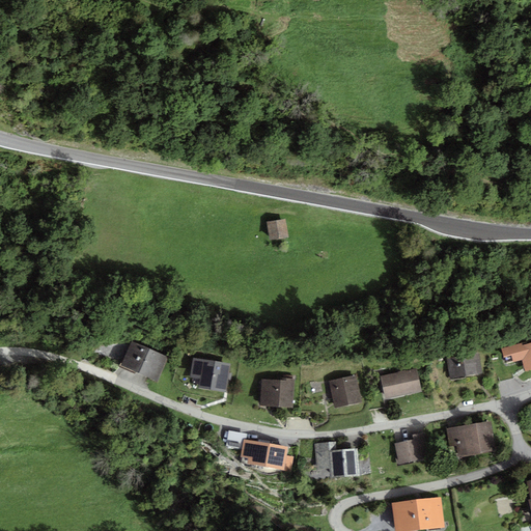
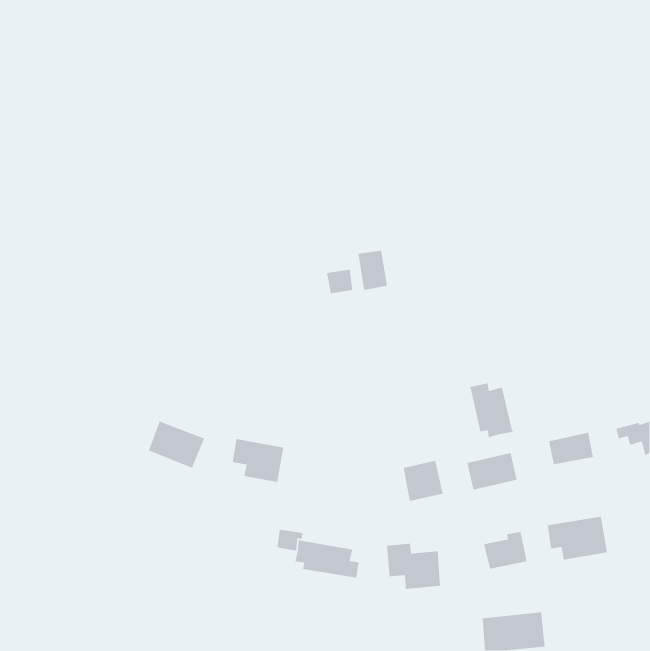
building: none -> [357,250,388,291]
building: none -> [469,383,514,438]
building: [259,378,295,408] -> none

